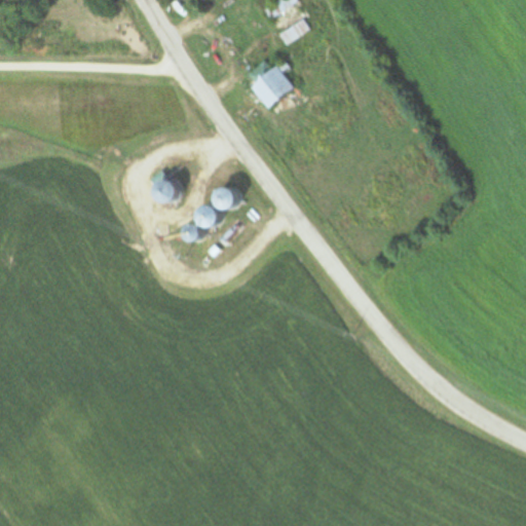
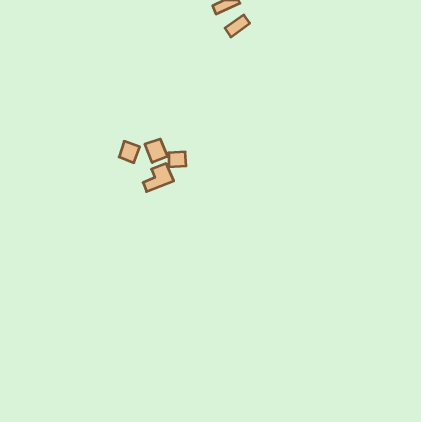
building: [252,61,295,109] -> none
building: none -> [145,139,168,163]

